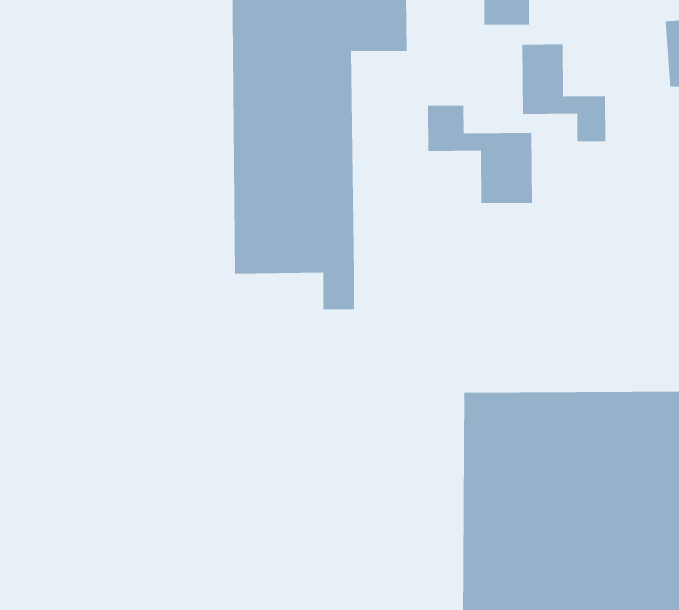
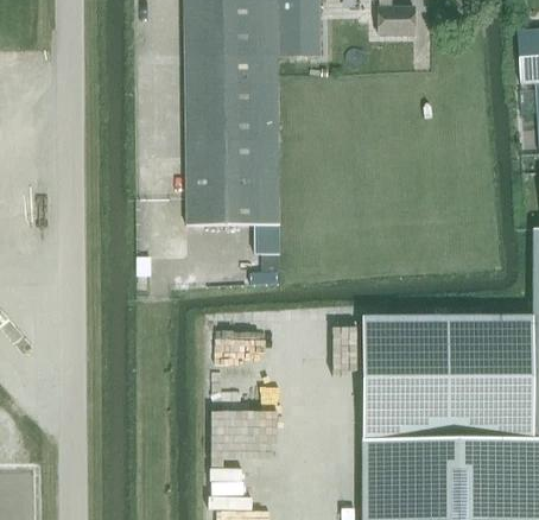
building: [521,44,606,142] -> none
building: [427,105,533,204] -> none

